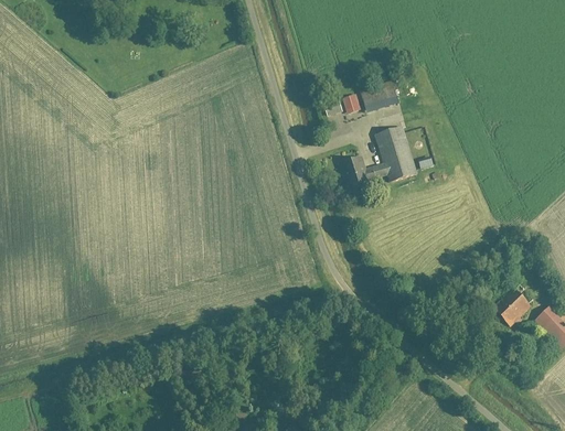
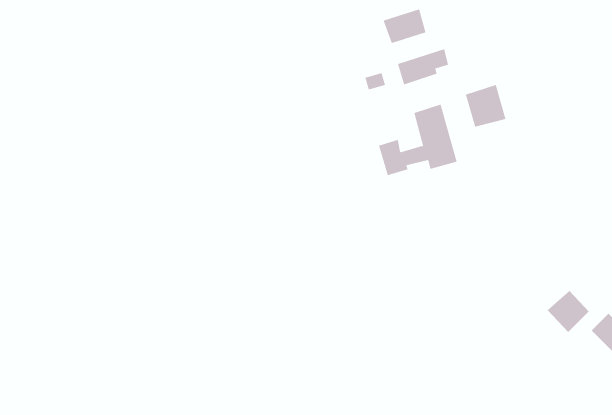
building: none -> [383,8,426,44]
building: none -> [465,84,506,127]

